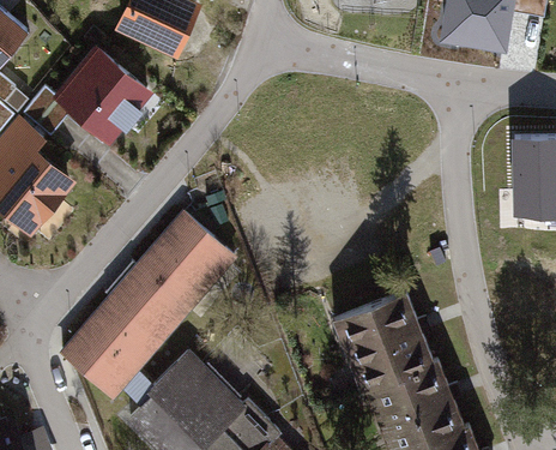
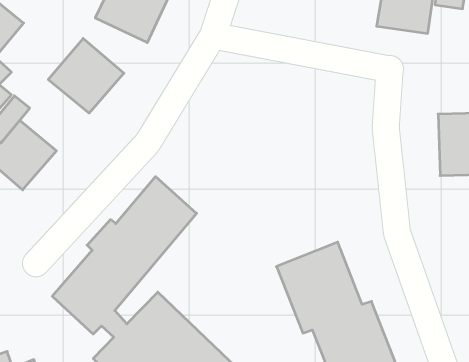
building: [23,86,75,138] -> none

